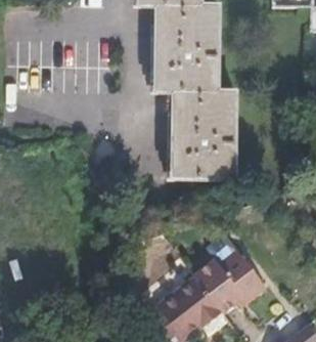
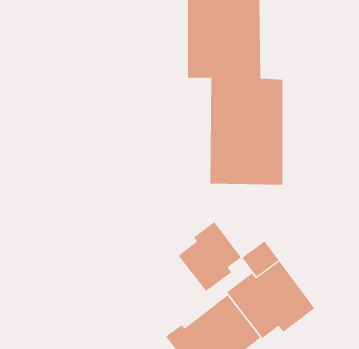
building: none -> [178,222,241,292]

